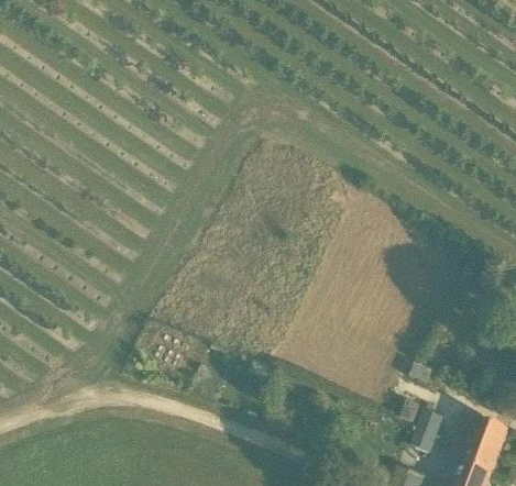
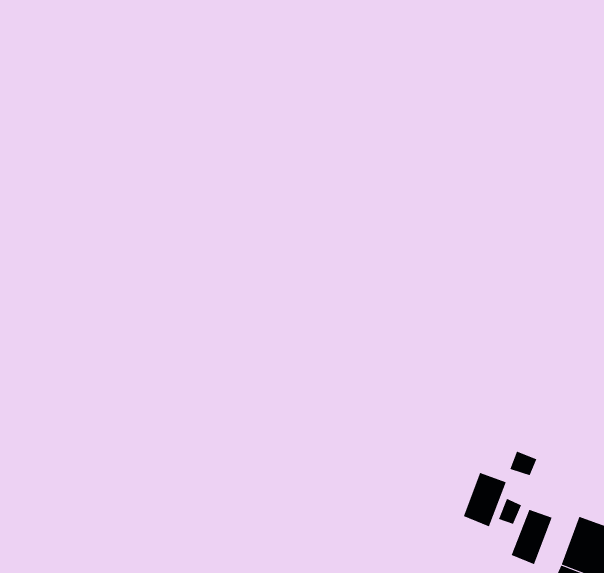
building: none -> [463,472,507,527]

